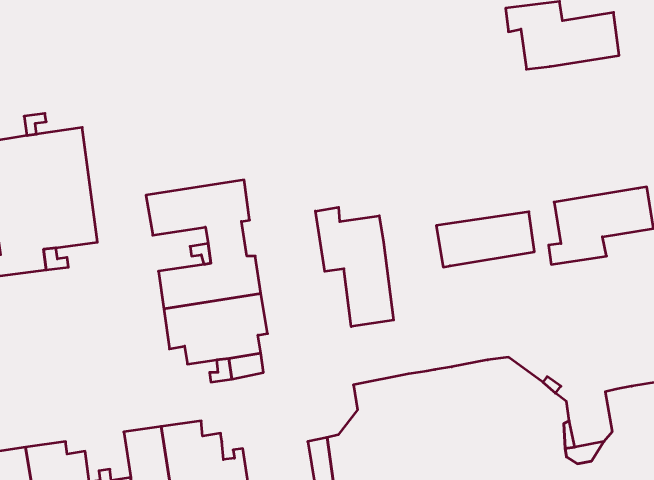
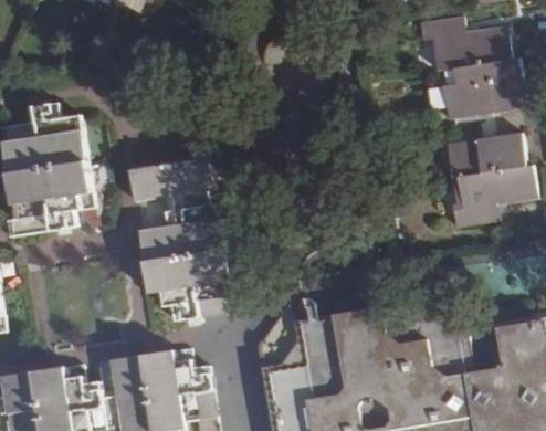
building: none -> [441,57,524,118]
building: [315,207,394,327] -> none
building: [436,212,534,267] -> [444,133,523,177]

